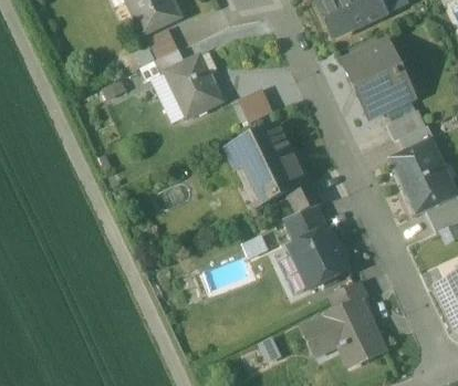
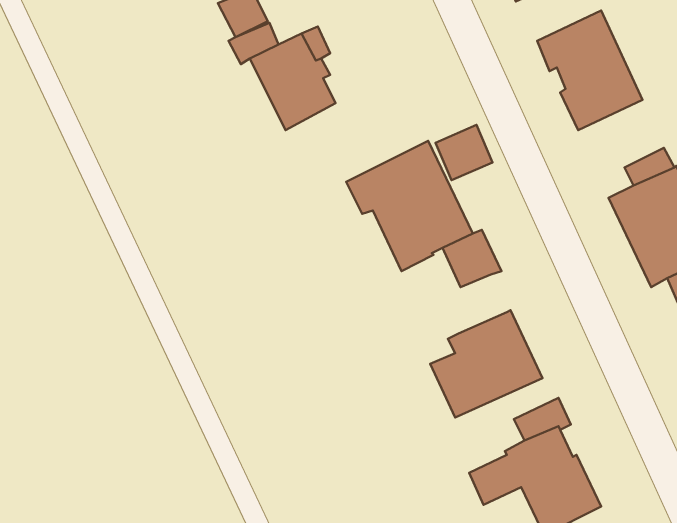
building: [239,85,274,119] -> [435,125,492,180]
building: [387,108,425,139] -> none
building: [285,205,326,241] -> none

